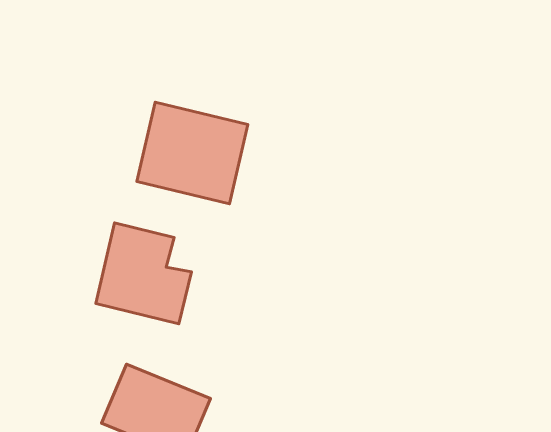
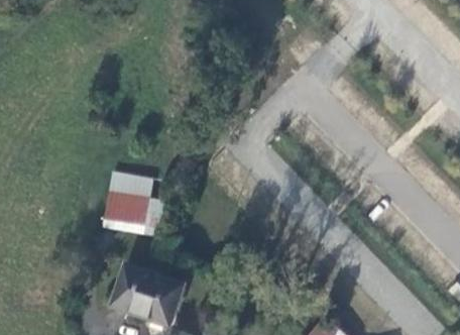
building: [137,102,248,204] -> none

